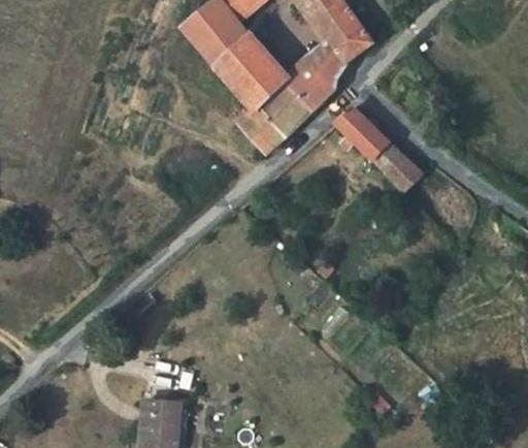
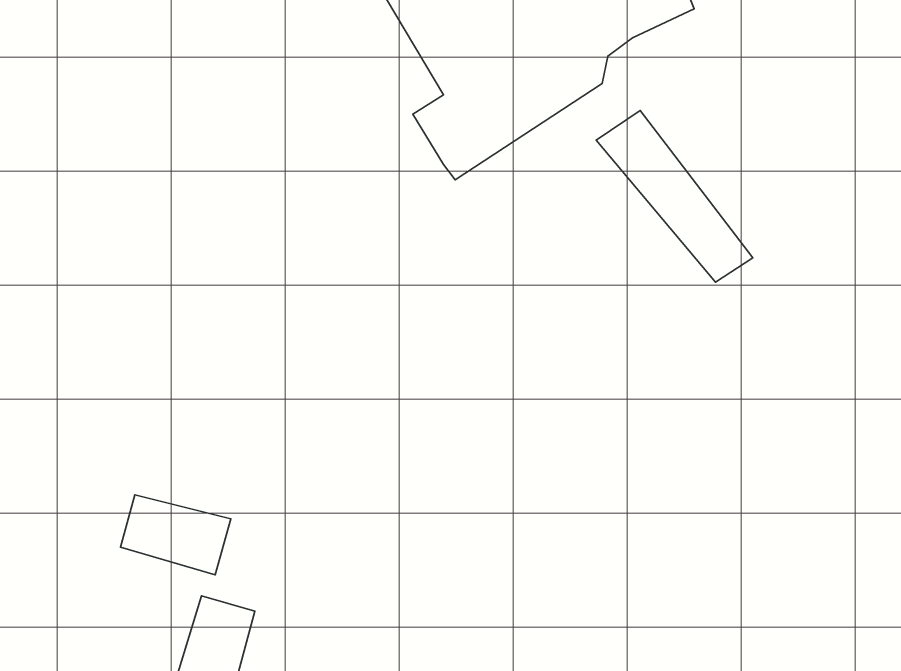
building: none -> [120,495,231,575]

